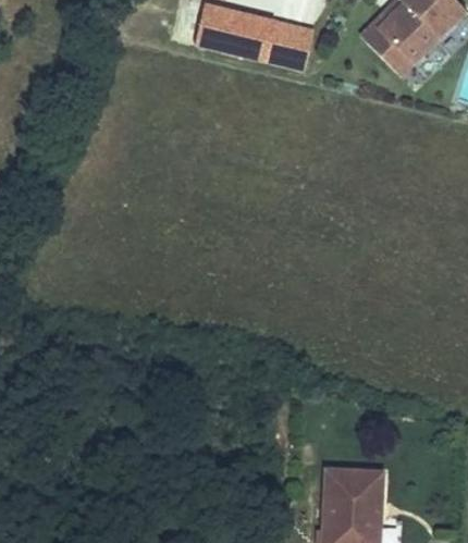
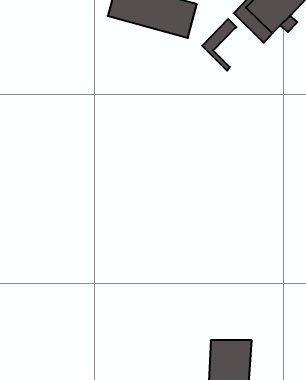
building: none -> [202,19,236,71]

